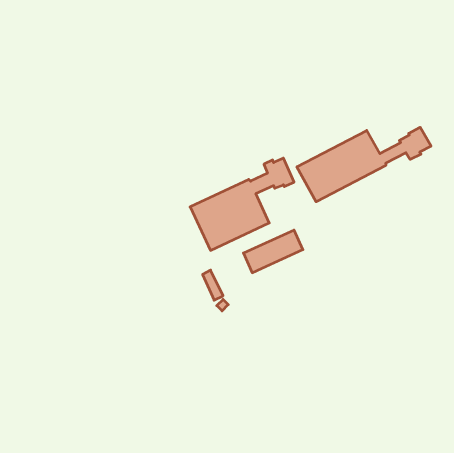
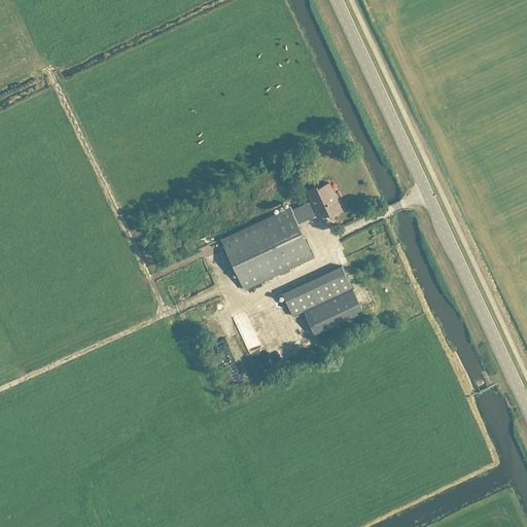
building: [297,127,431,202] -> none
building: none -> [304,290,361,335]

